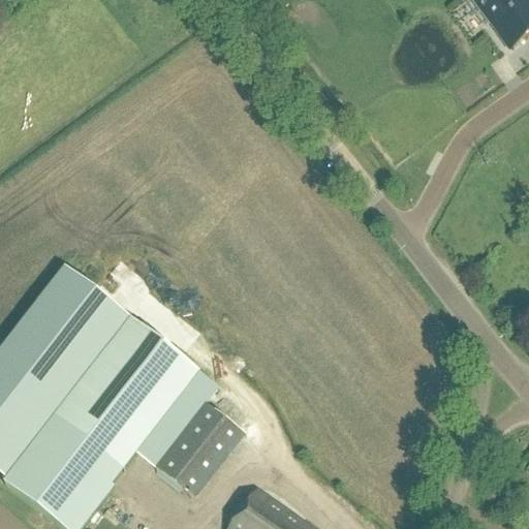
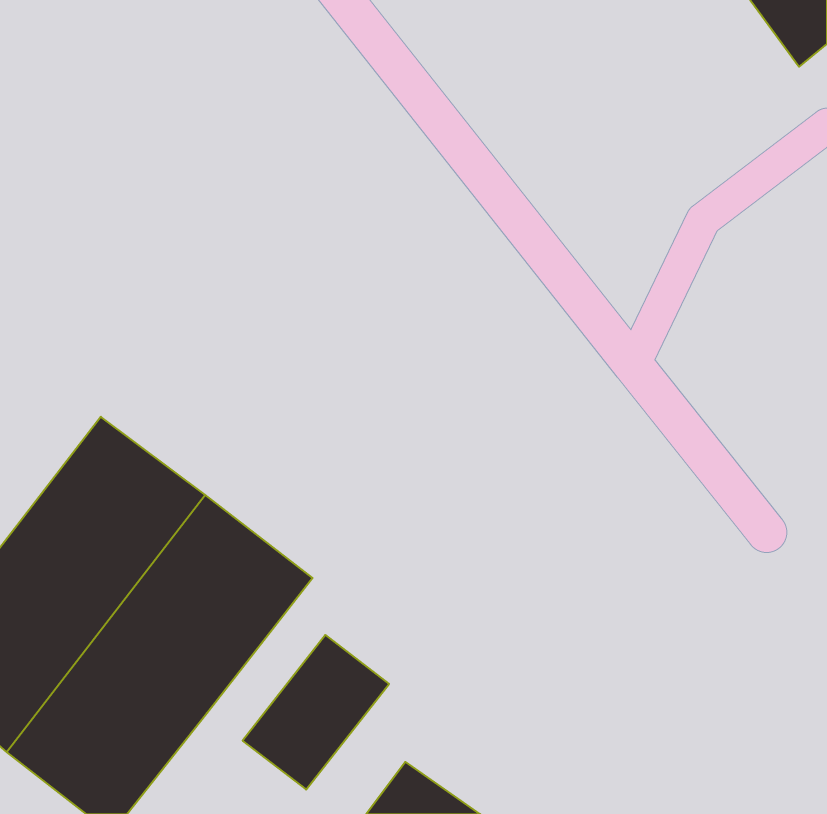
building: [131,367,221,470] -> none

